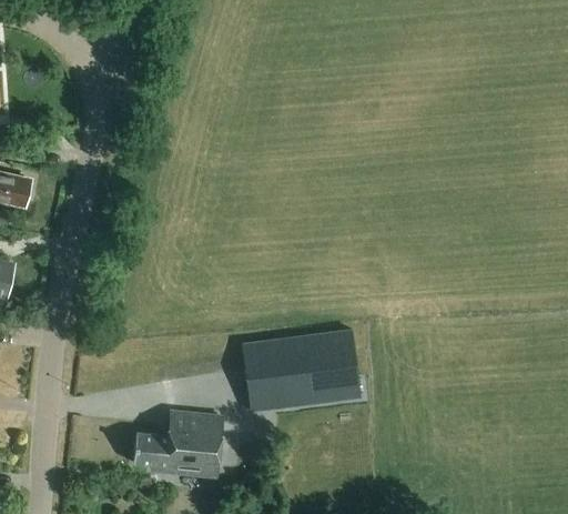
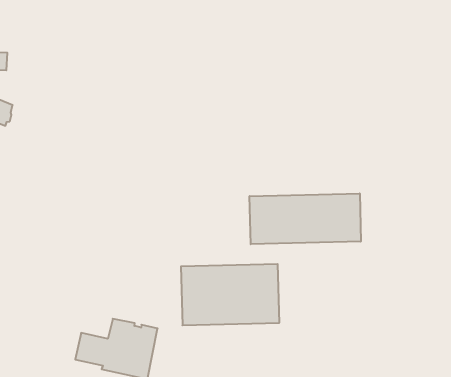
building: none -> [250,193,361,244]

